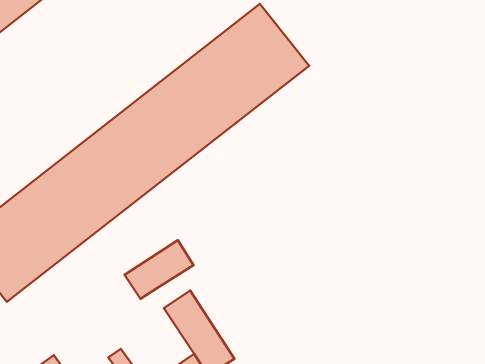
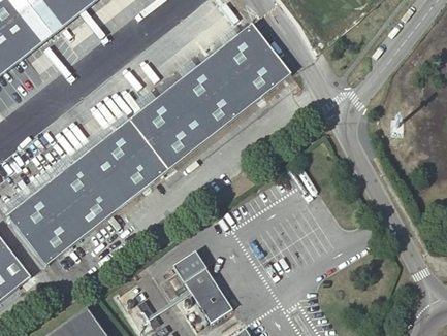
building: [125,240,194,299] -> none

